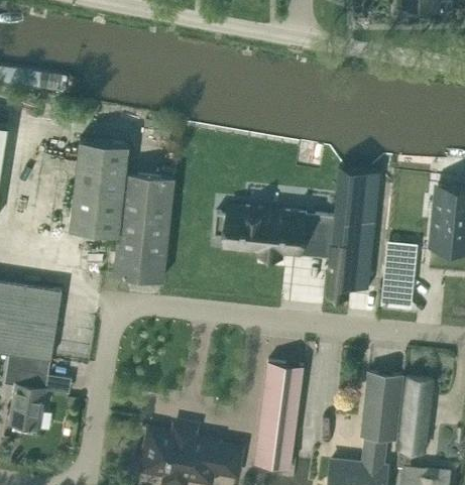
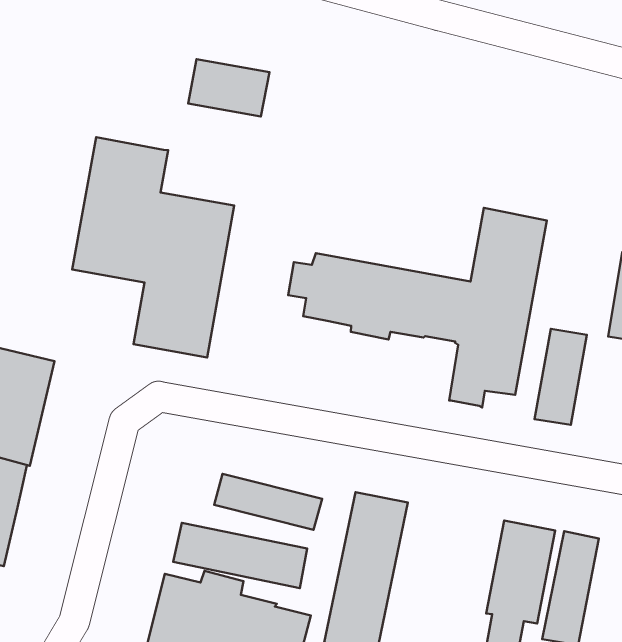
building: none -> [188,59,269,117]
building: none -> [214,474,322,530]
building: none -> [173,523,307,588]

